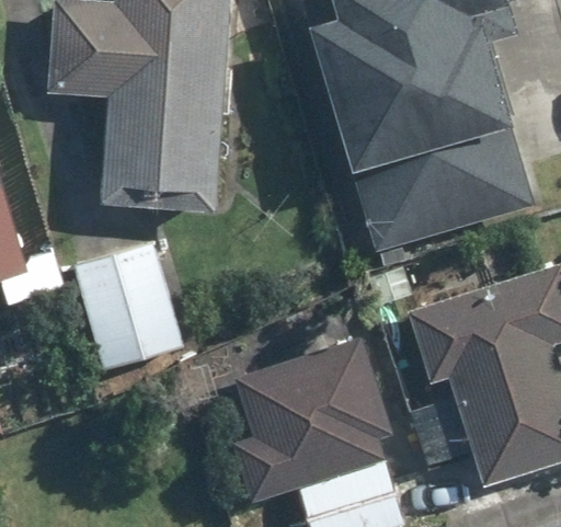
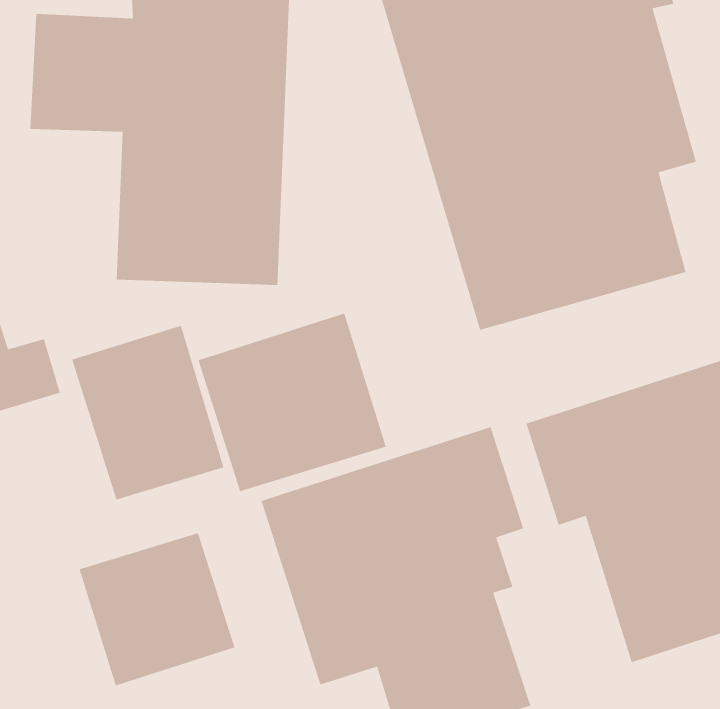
building: none -> [197,313,387,492]
building: none -> [78,532,235,687]

